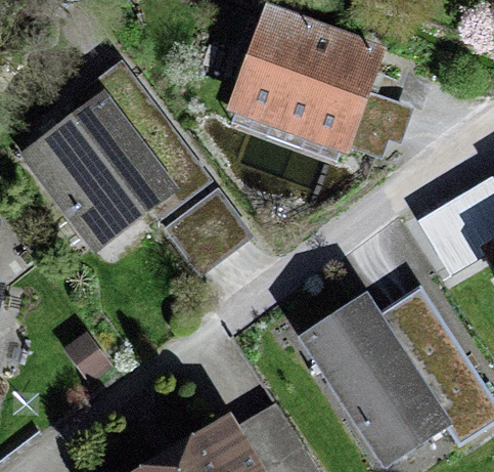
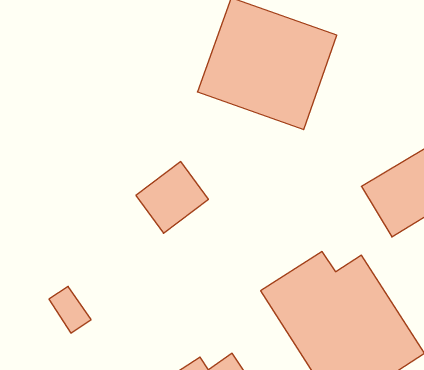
building: [25,94,181,257] -> none

